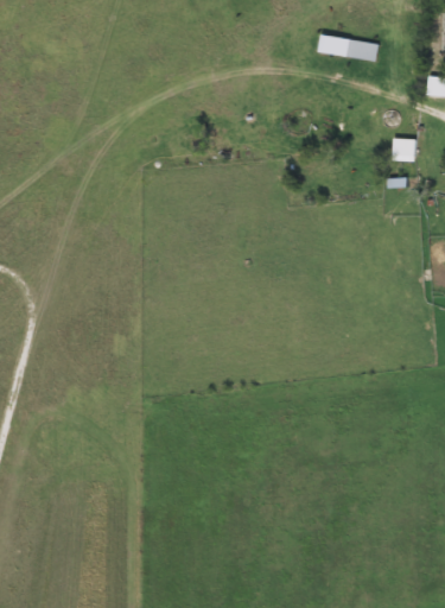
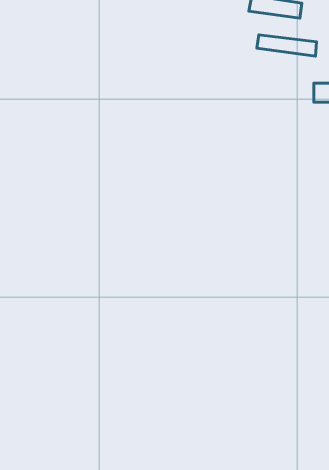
building: none -> [257,35,317,56]

